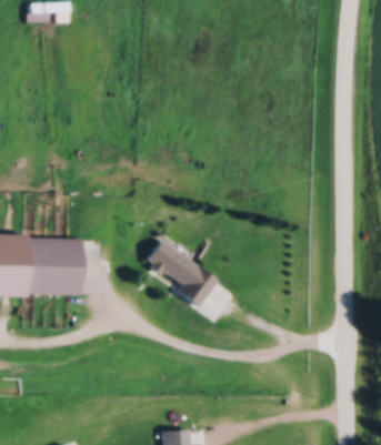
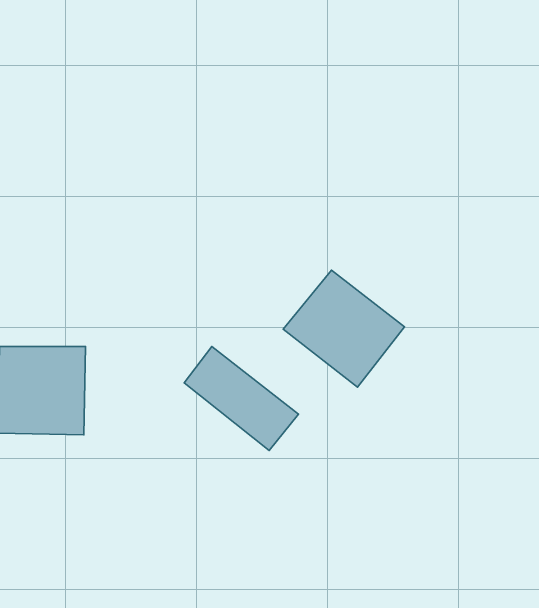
building: none -> [283,270,404,387]

